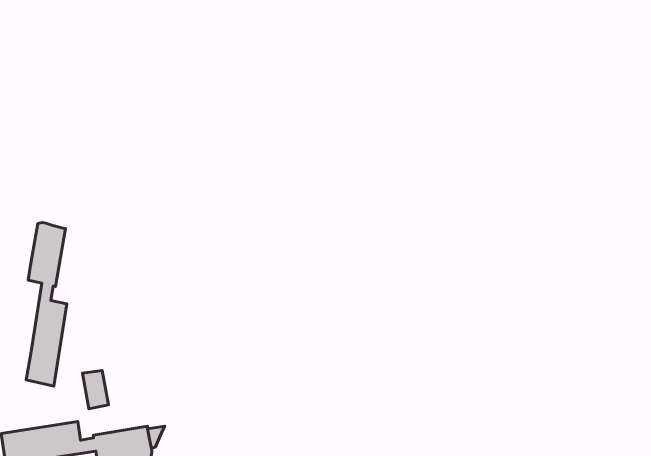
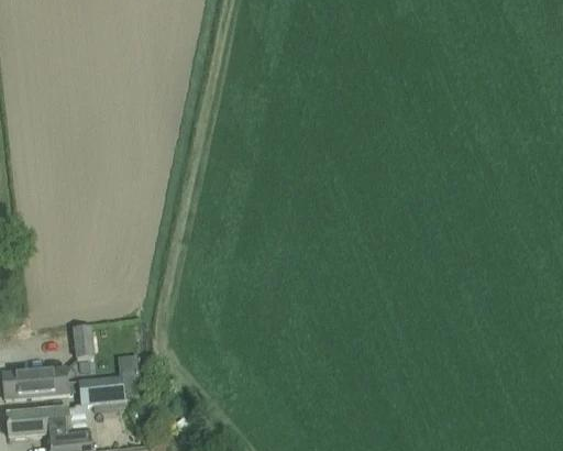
building: [26,223,67,386] -> none

